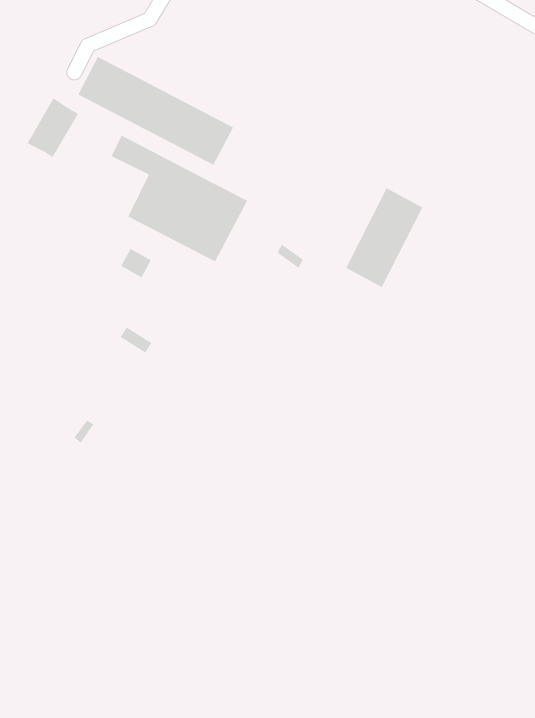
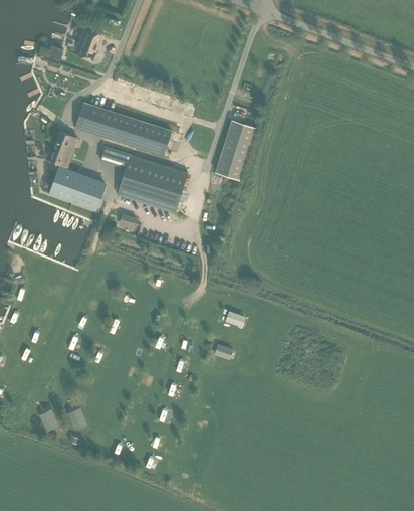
building: none -> [50,169,104,208]
building: [345,187,423,288] -> [216,120,256,180]

